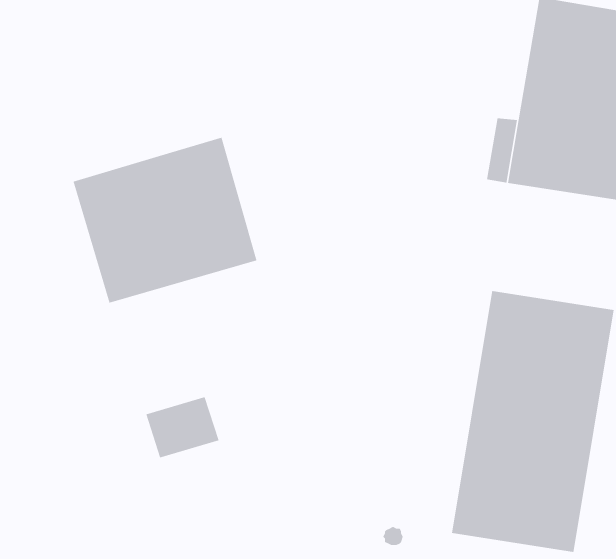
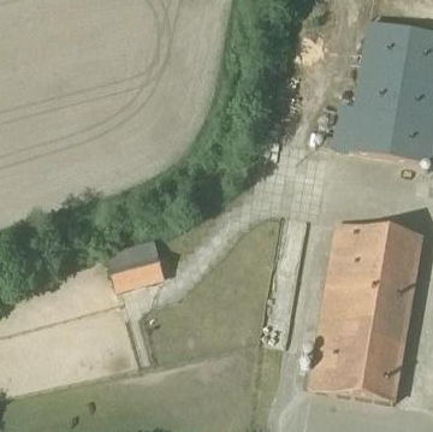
building: [73,137,257,304] -> none
building: [146,397,219,458] -> [109,244,160,286]

